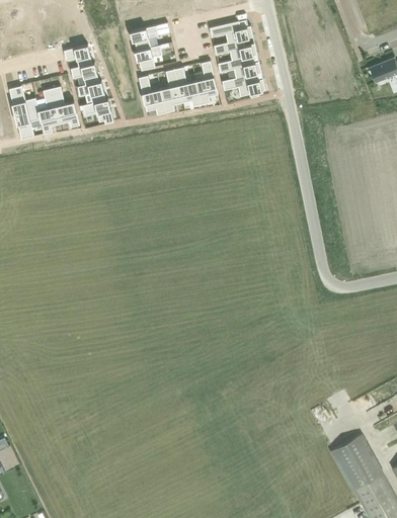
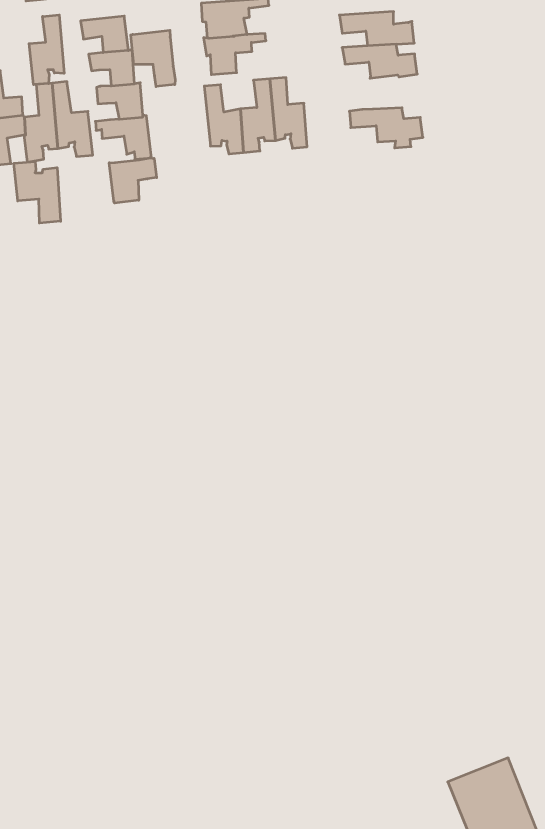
building: none -> [29,15,64,85]
building: none -> [131,30,175,87]
building: [218,57,261,78] -> none
building: [195,61,218,104] -> none
building: none -> [109,158,157,203]
building: none -> [14,162,61,223]

